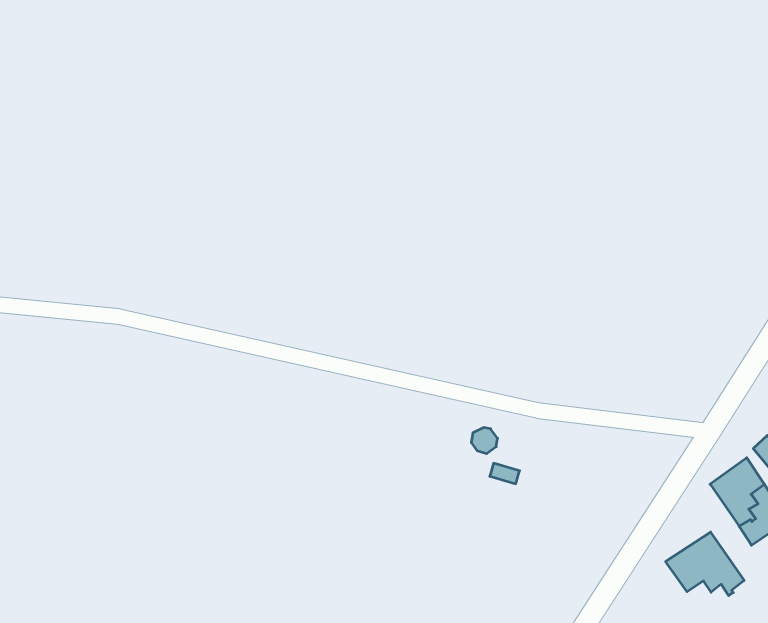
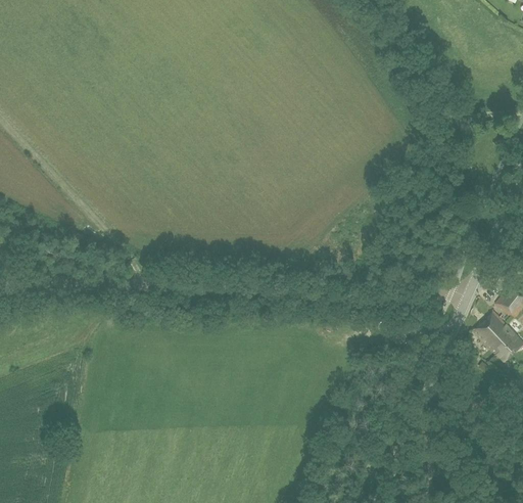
building: [666,532,744,596] -> none

